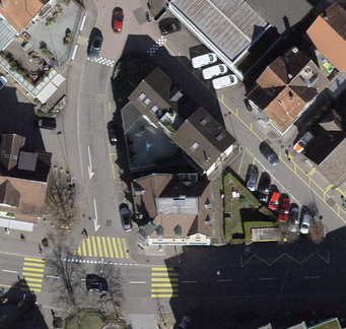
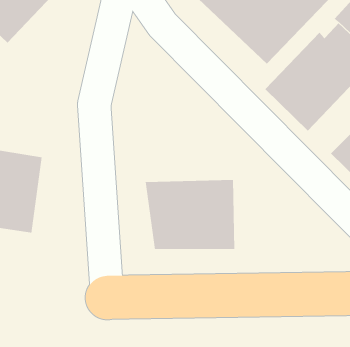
building: [119,68,237,169] -> none

